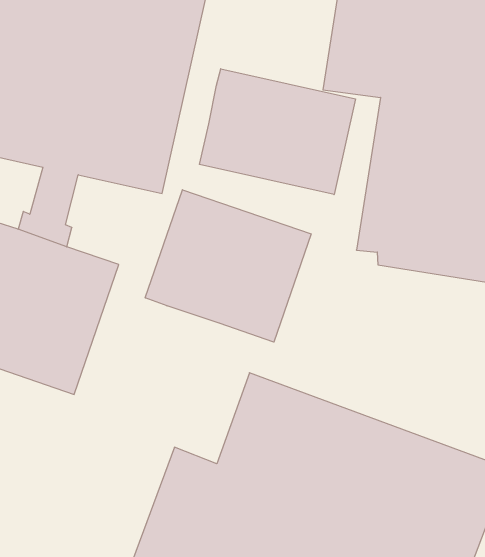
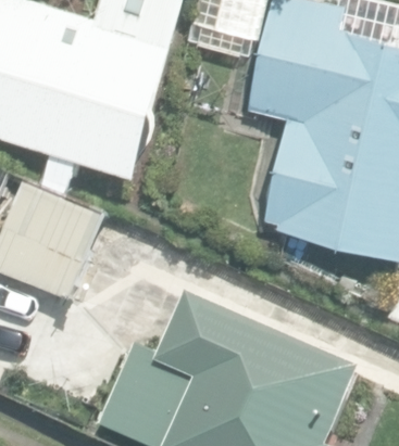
building: [199,69,355,195] -> none
building: [145,190,311,342] -> none

